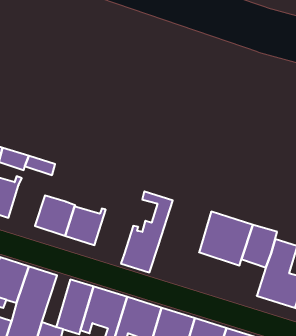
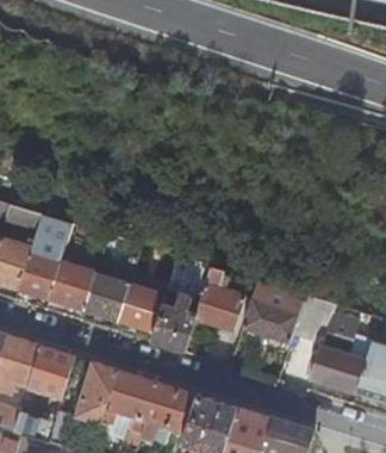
building: none -> [15,249,61,297]
building: none -> [192,267,243,330]
building: none -> [117,277,166,330]

